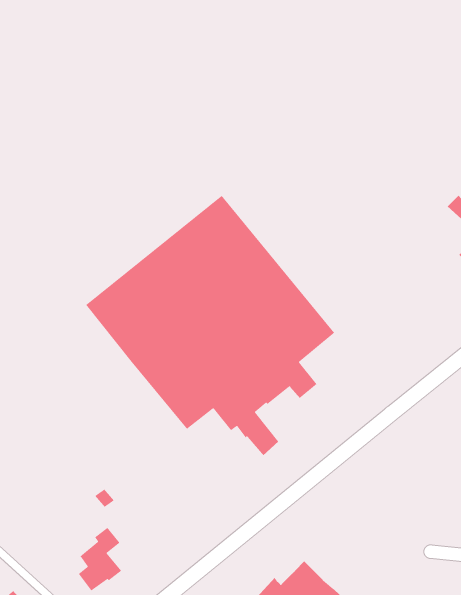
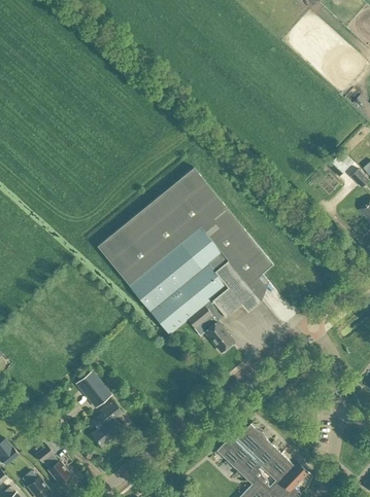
building: none -> [78,372,111,406]

